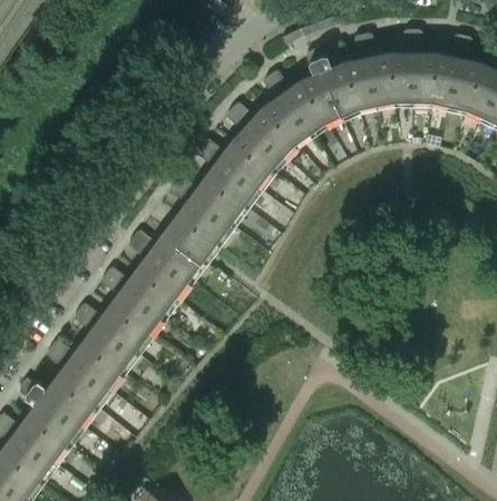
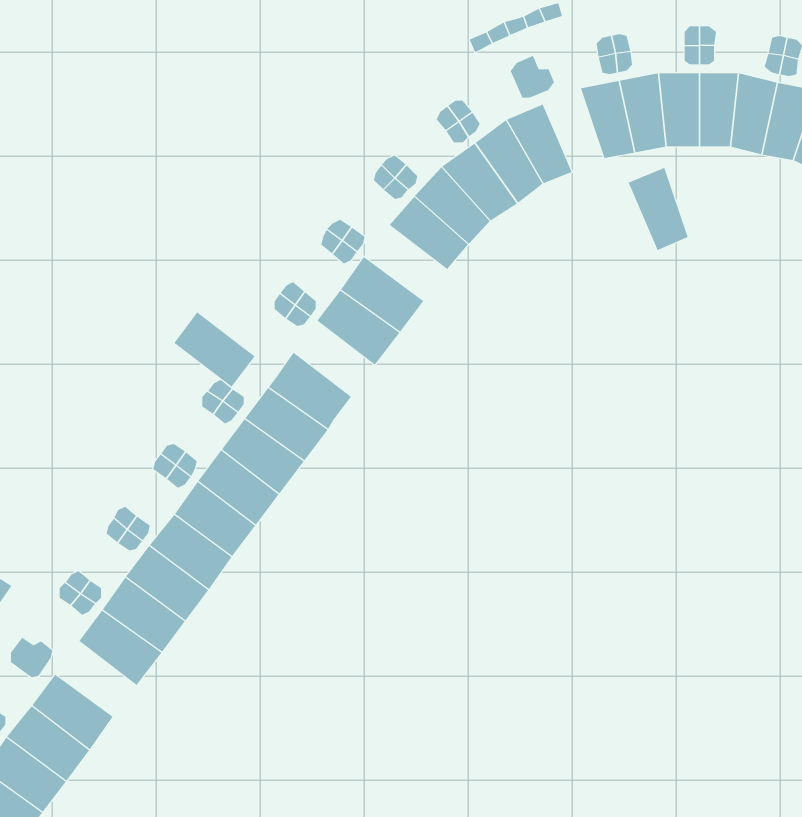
building: [323,69,358,117] -> [628,167,688,251]
building: [221,147,269,190] -> none
building: [181,202,227,245] -> [173,311,255,388]
building: [45,384,91,428] -> none

